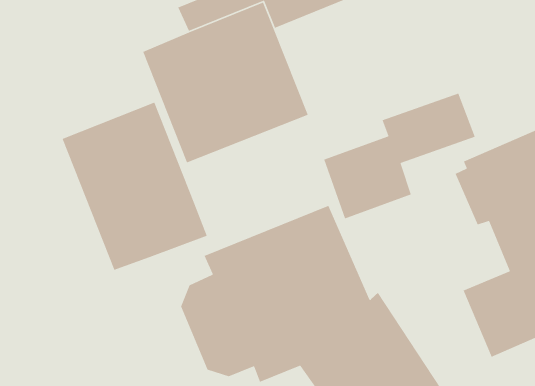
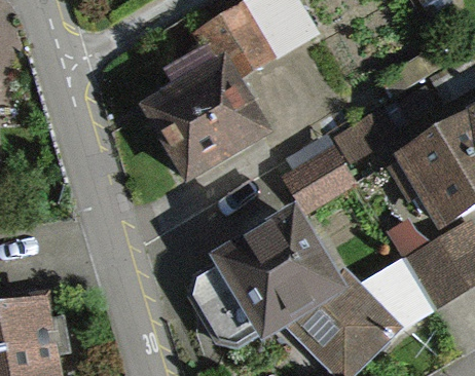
building: [62,102,208,271] -> none

